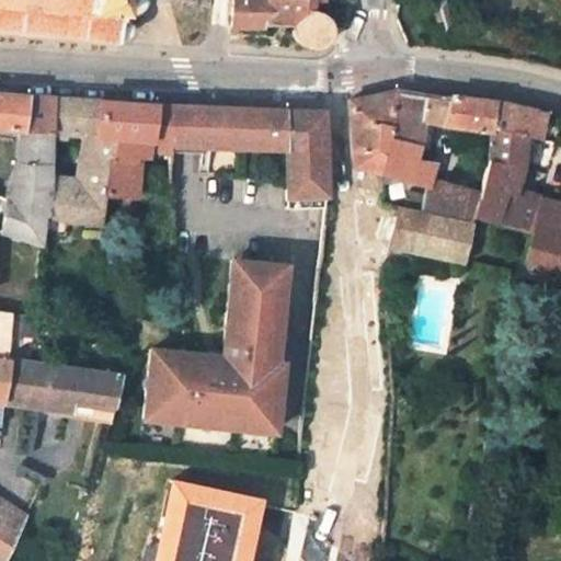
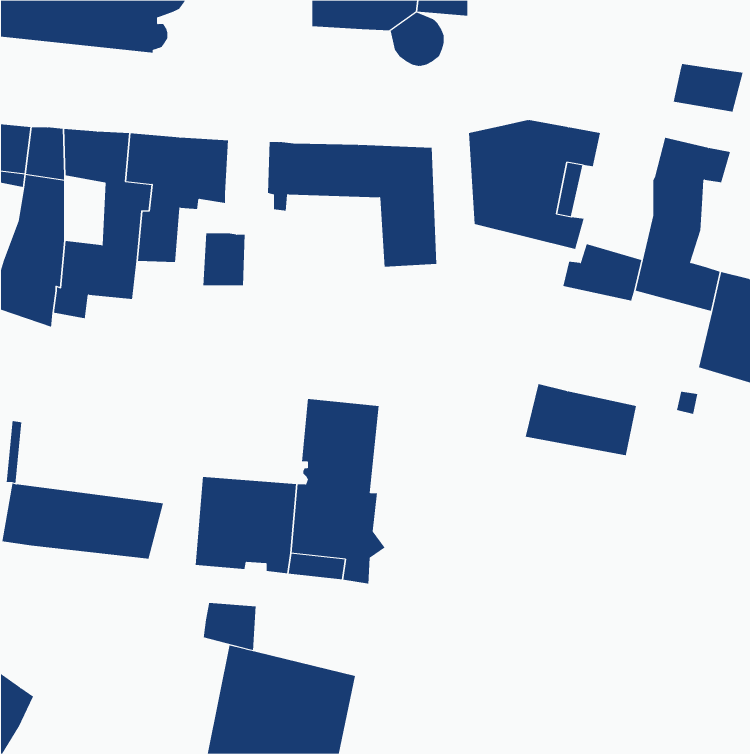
building: [444,95,496,131] -> [673,64,744,112]
building: [171,104,203,144] -> [203,233,245,286]
building: [389,207,472,261] -> [525,384,637,456]
building: [231,264,287,301] -> none
building: none -> [203,602,256,651]

